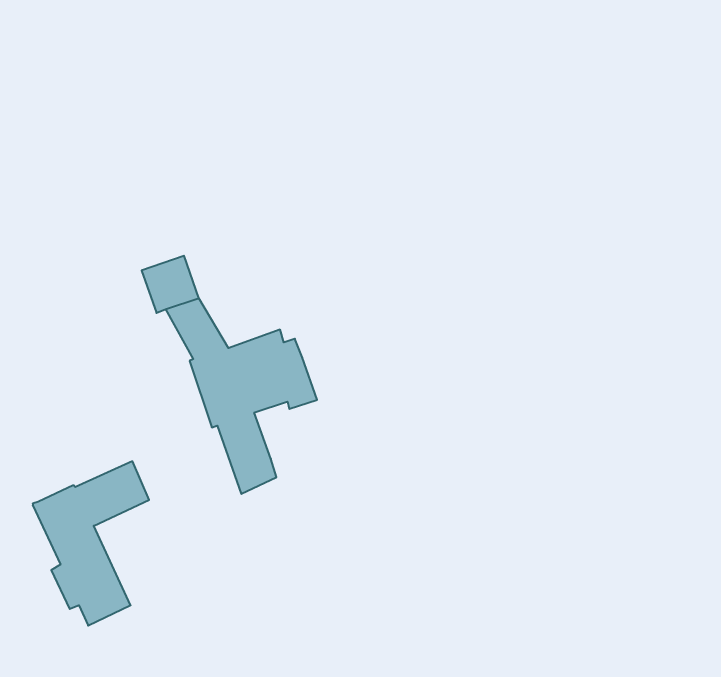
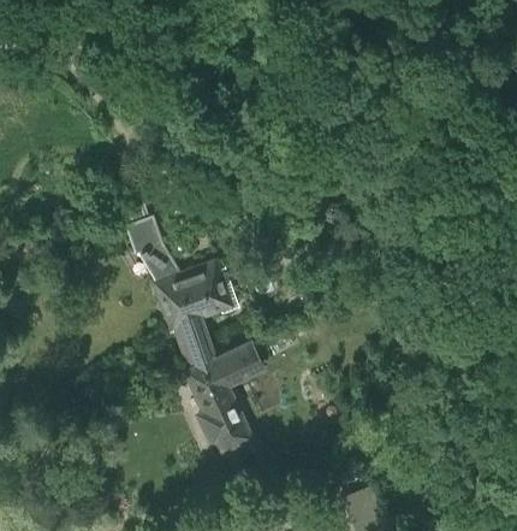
building: [33,461,149,626] -> [186,344,262,452]

